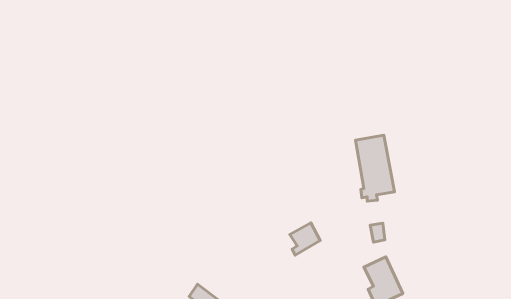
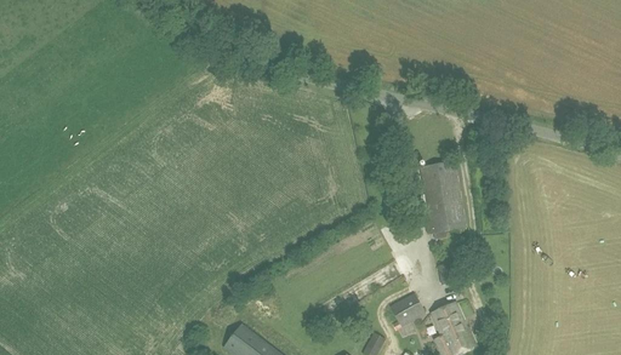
building: [290,223,320,255] -> [388,292,423,330]

